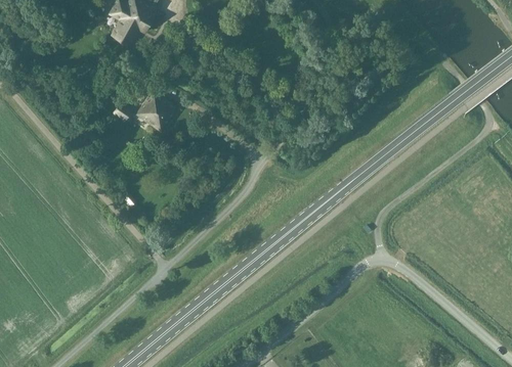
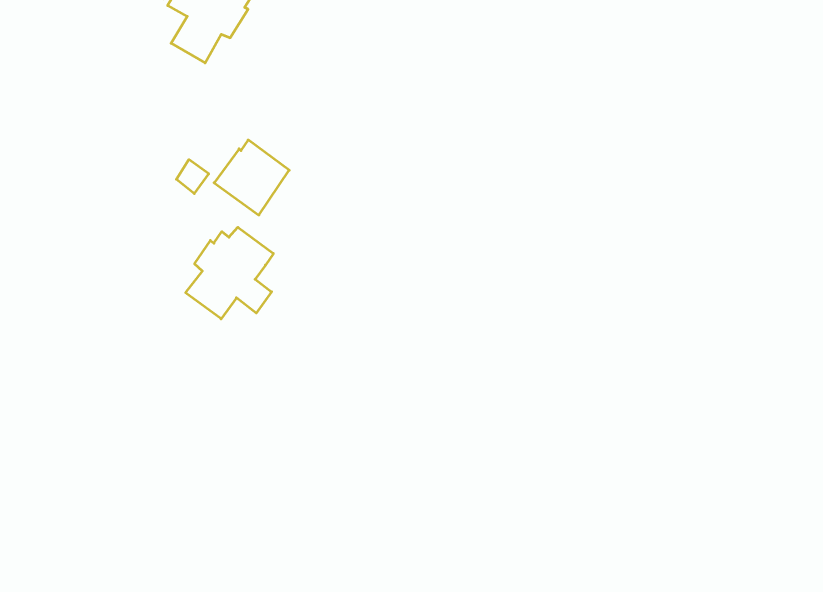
building: none -> [186,227,273,319]

